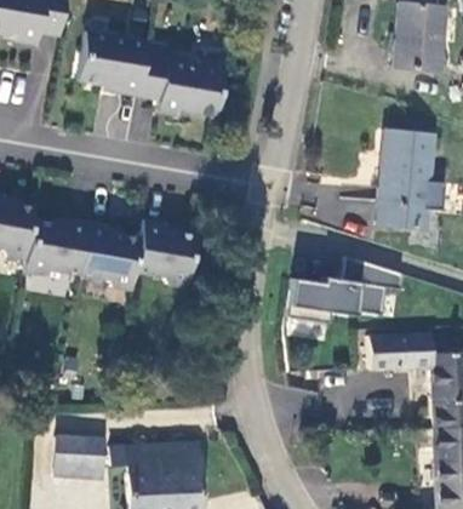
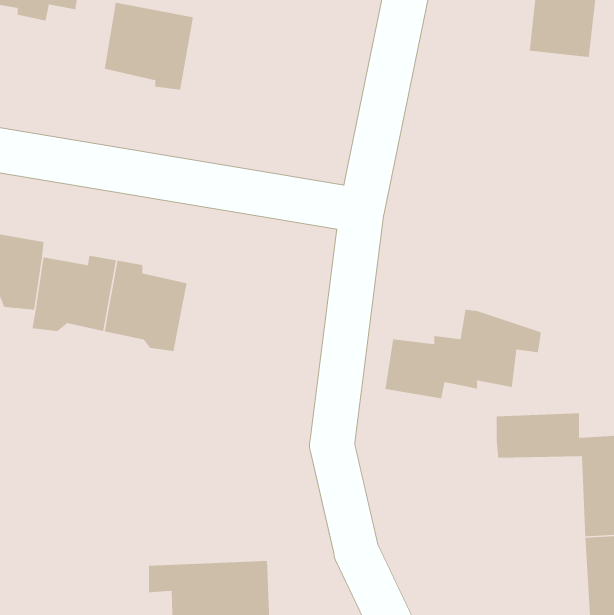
building: [136,41,224,116] -> none
building: [376,128,434,228] -> none
building: [135,218,196,286] -> none
building: [55,436,105,476] -> none

